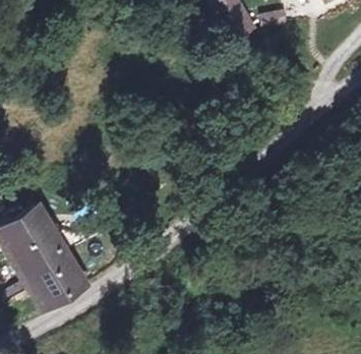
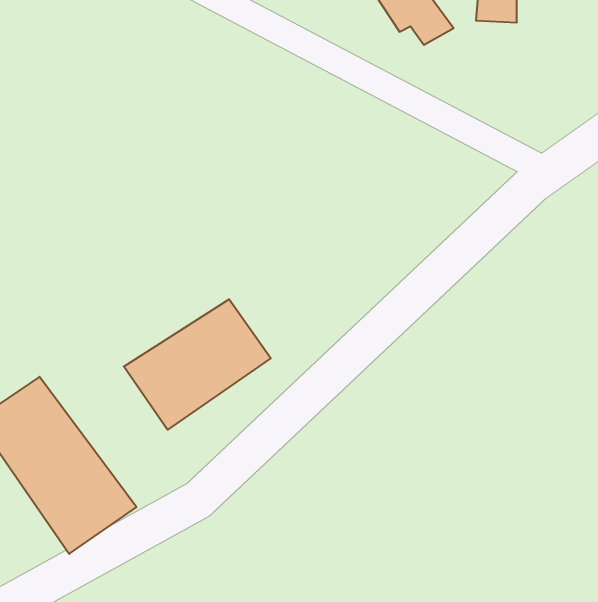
building: none -> [124,299,271,430]

